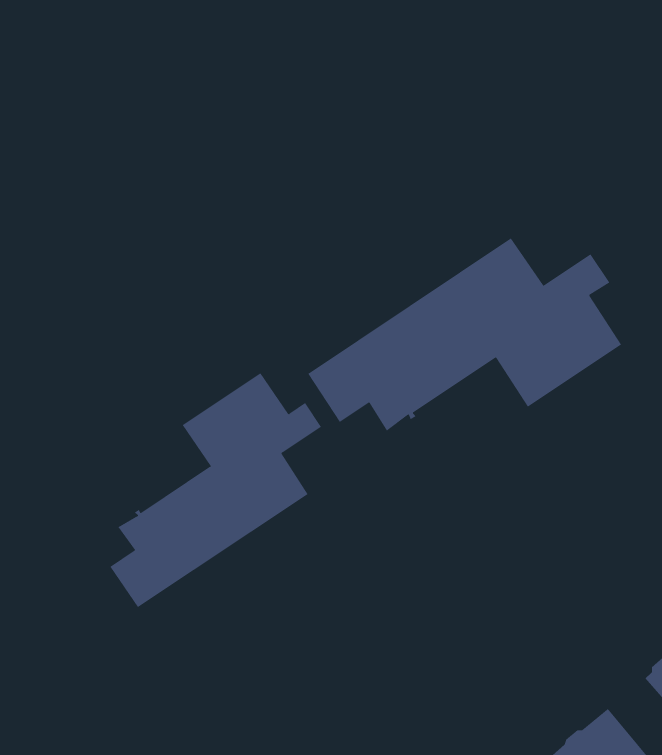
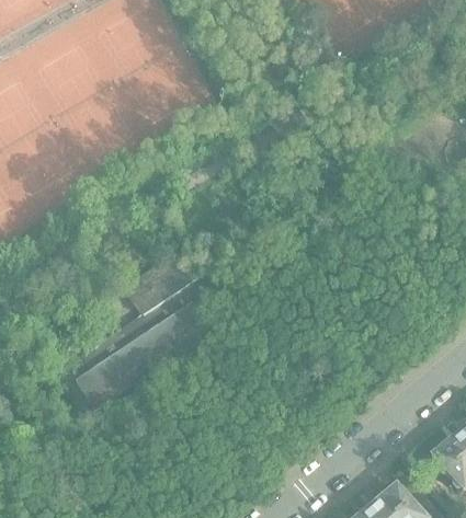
building: [308,238,622,432] -> none

